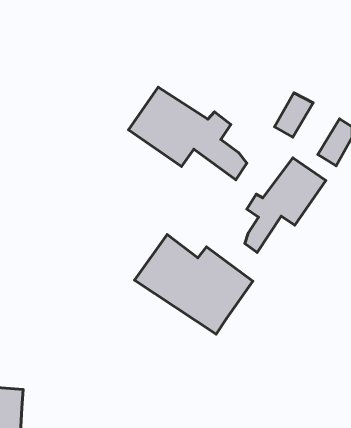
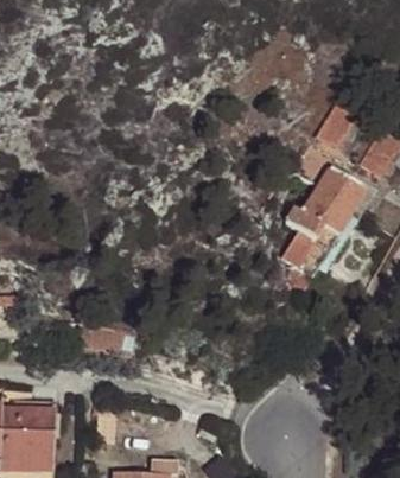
building: [129,87,247,180] -> none
building: [135,235,253,334] -> none

